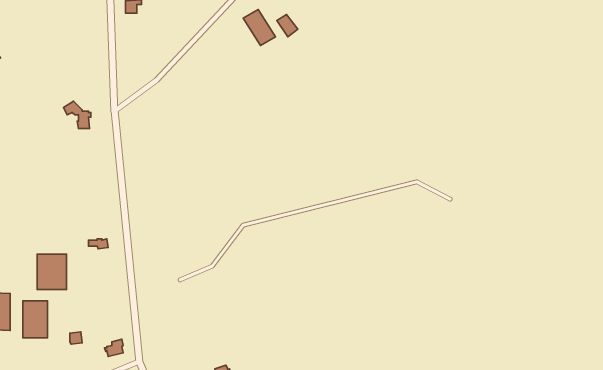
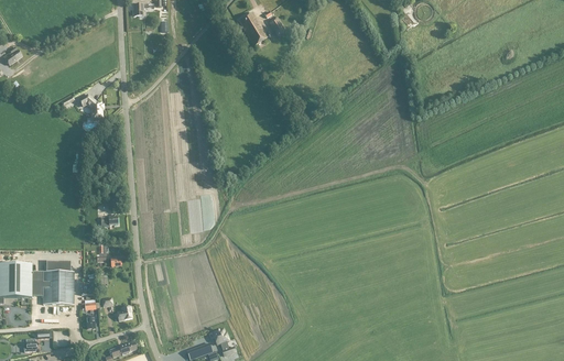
building: [37,254,67,289] -> none

